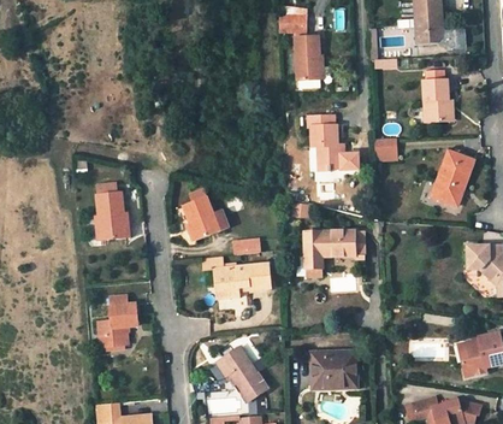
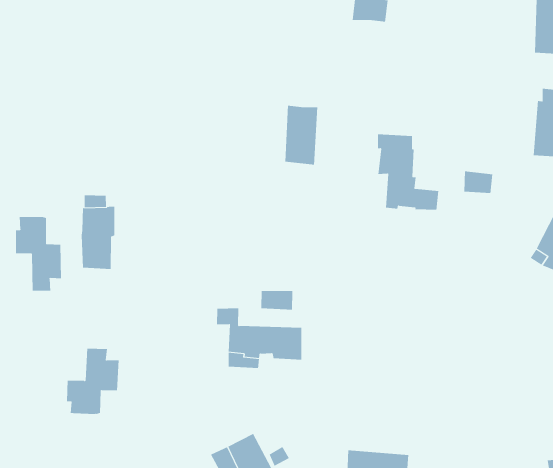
building: [295,35,320,78] -> [284,105,318,165]
building: [182,195,227,240] -> none
building: none -> [16,216,62,291]
building: [304,230,365,275] -> none

